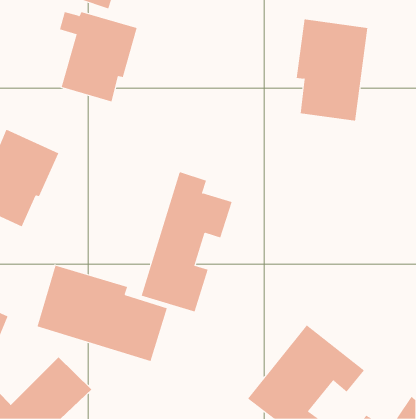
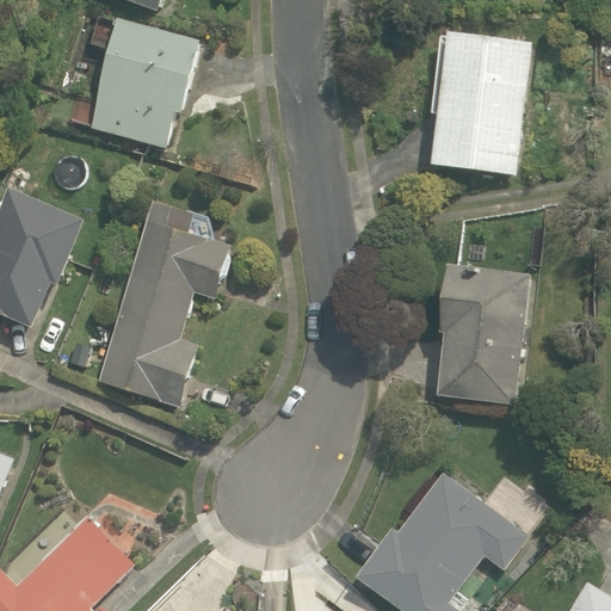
building: [141,172,232,312] -> [98,202,230,406]
building: none -> [442,265,526,416]
building: [37,265,167,362] -> none

